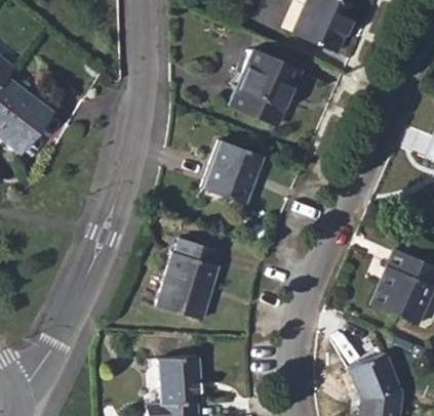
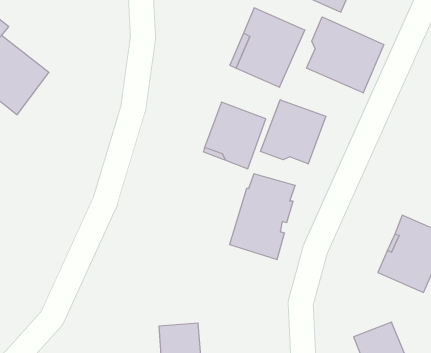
building: none -> [306,17,384,93]
building: none -> [260,100,326,164]
building: [156,238,220,321] -> [230,174,295,259]

